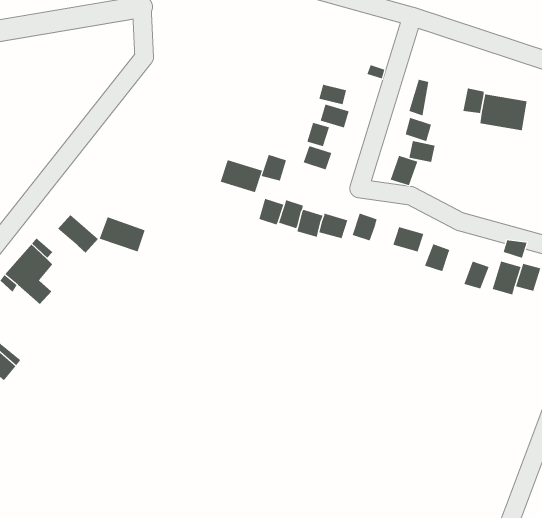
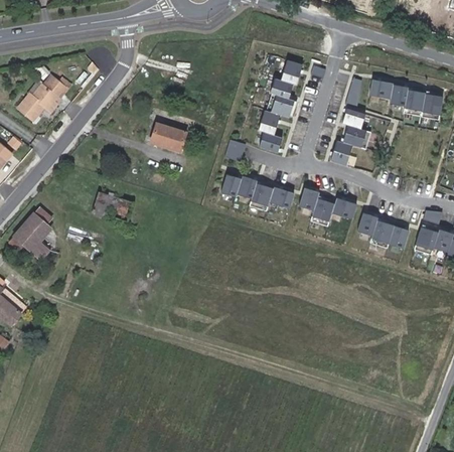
building: none -> [279,58,301,85]
building: none -> [19,74,65,120]
building: none -> [367,78,392,99]
building: [220,160,263,193] -> [153,124,188,151]
building: [57,214,99,253] -> none
building: none -> [309,198,333,223]
building: none -> [370,219,396,245]

